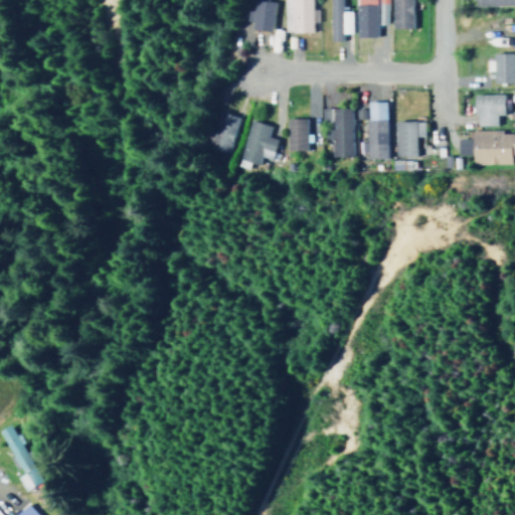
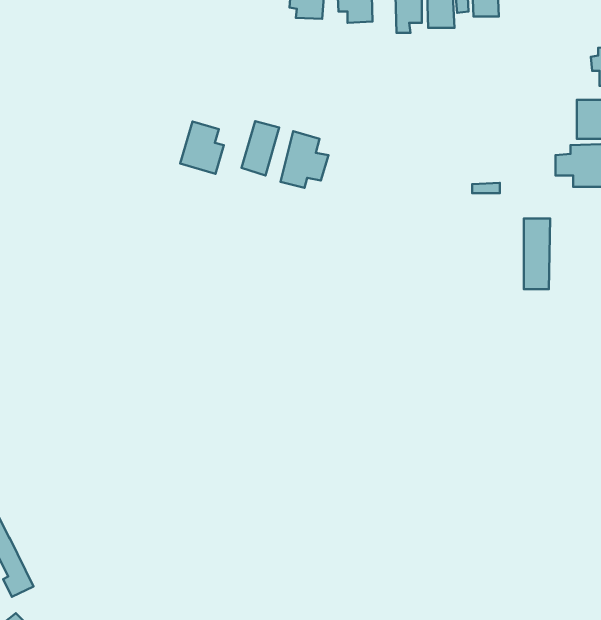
building: [369,102,390,158] -> [524,219,550,289]
building: [324,108,355,157] -> none
building: none -> [180,121,224,174]
building: [289,119,309,150] -> none
building: [397,121,426,157] -> none

